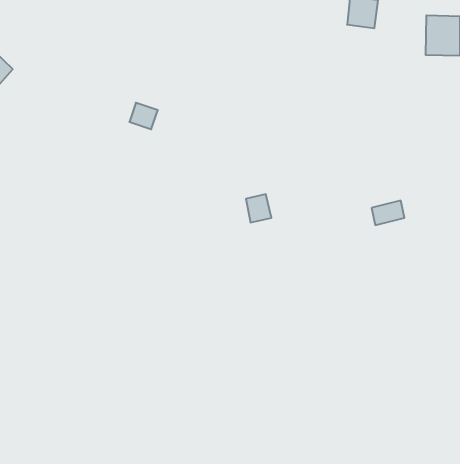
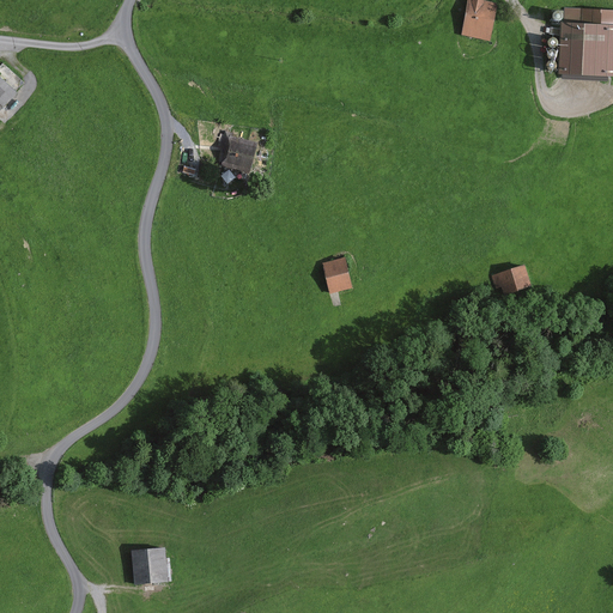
building: [129,103,158,129] -> [224,136,261,171]
building: none -> [131,547,168,583]

